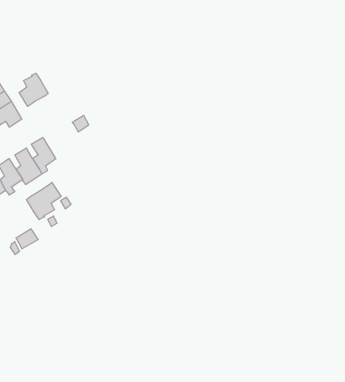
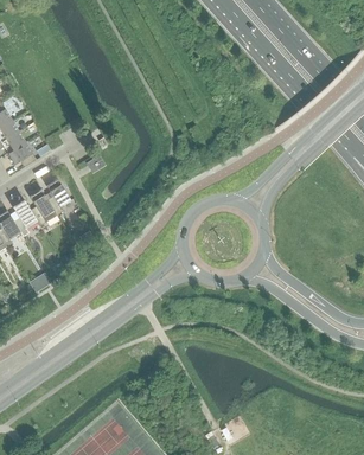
building: [19,73,48,106] -> none
building: [27,182,61,220] -> none

